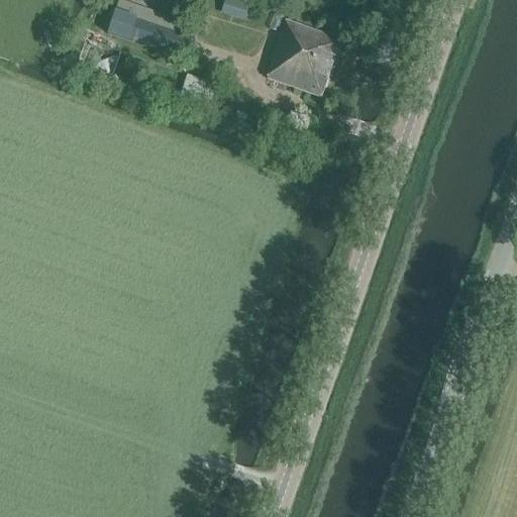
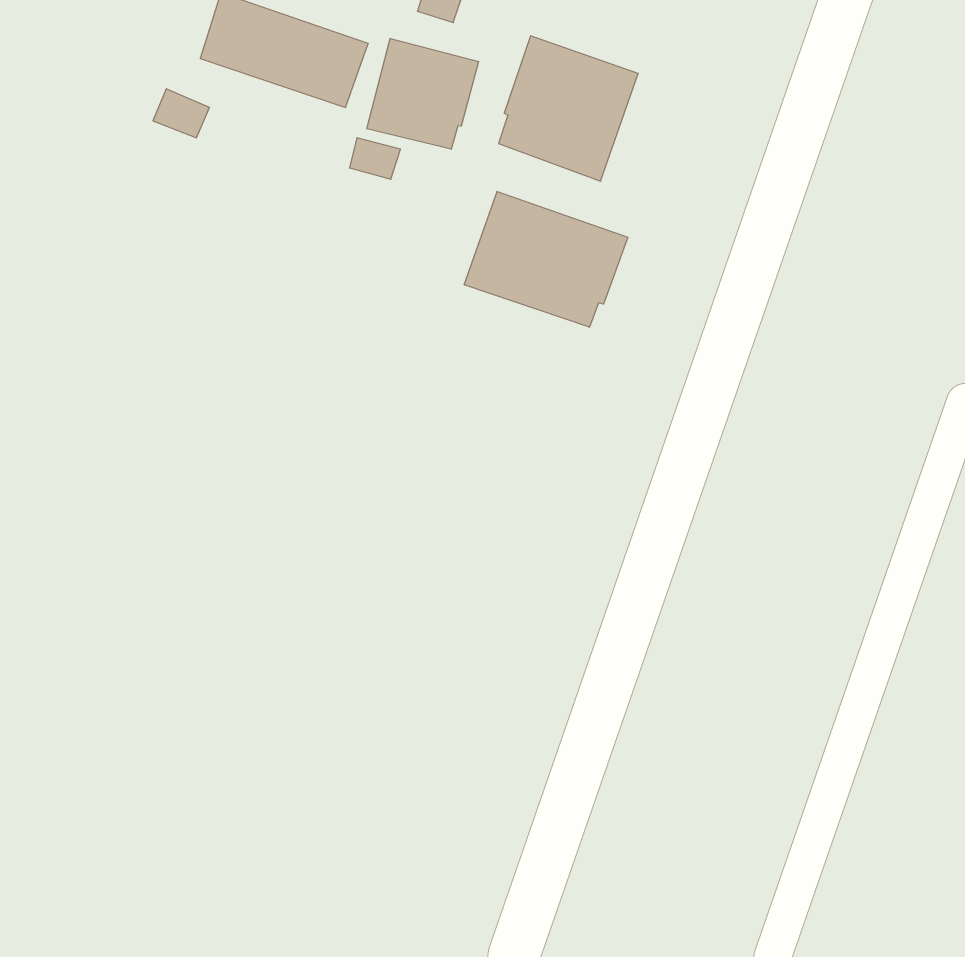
building: none -> [367,38,479,149]
building: none -> [464,191,628,327]

